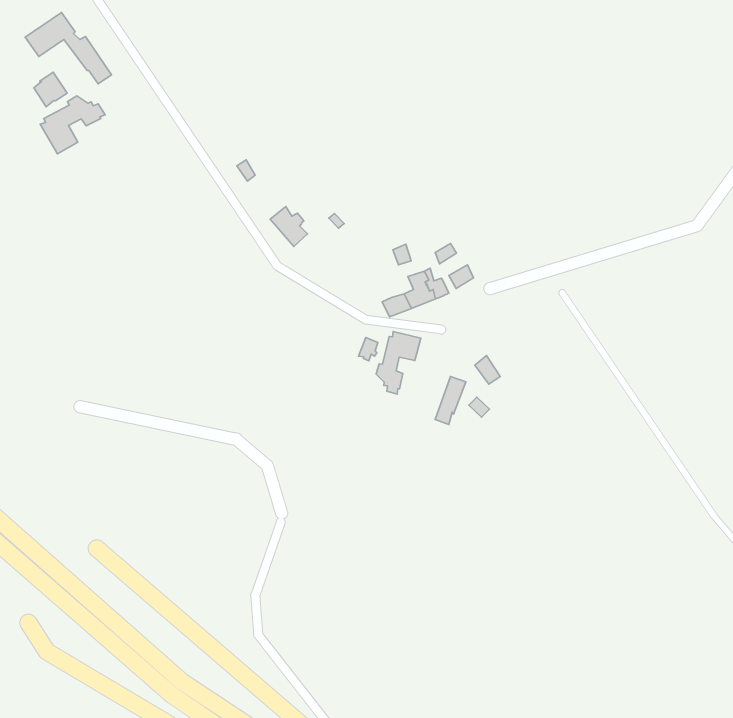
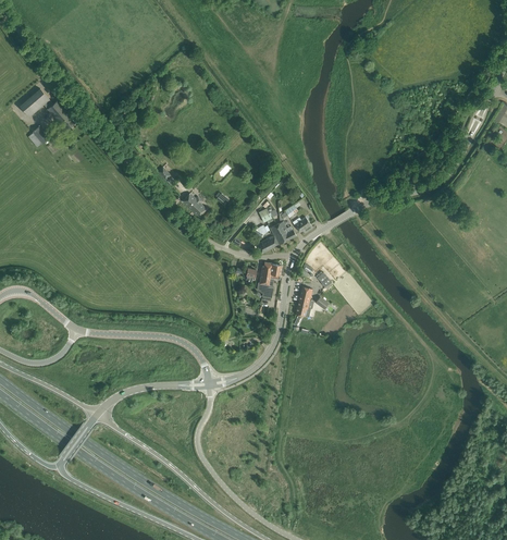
building: [40,96,105,154] -> none

